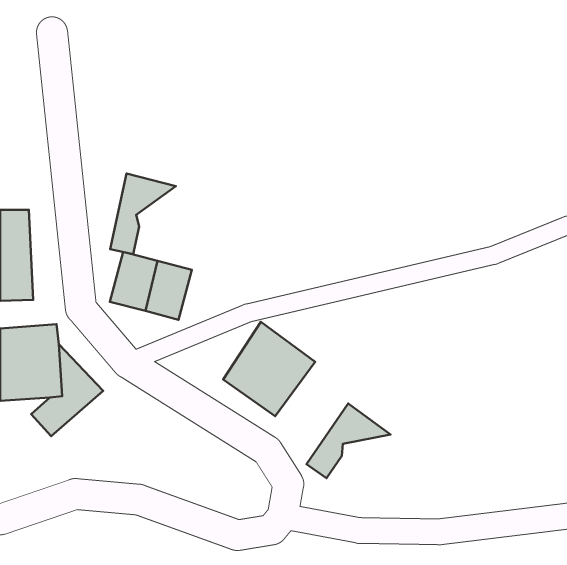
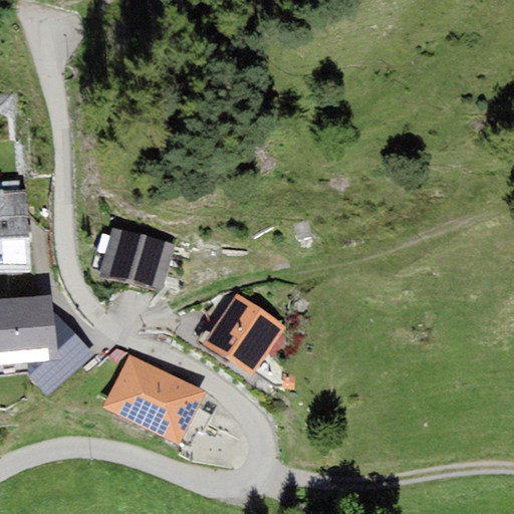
building: [110,174,176,254] -> none
building: none -> [102,352,206,444]
building: [306,403,390,478] -> none

